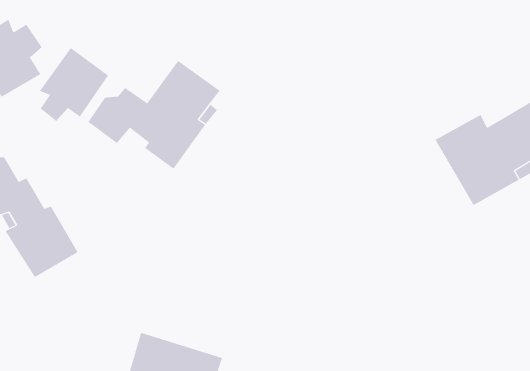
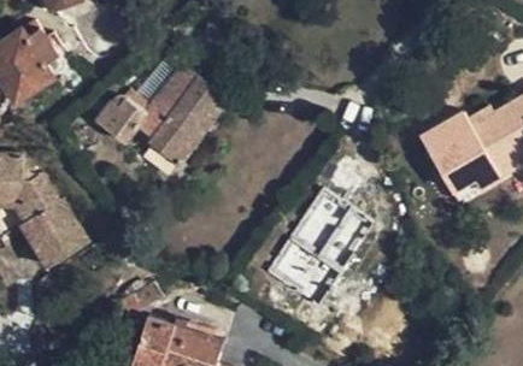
building: [39,47,109,122] -> none
building: none -> [266,188,369,305]

